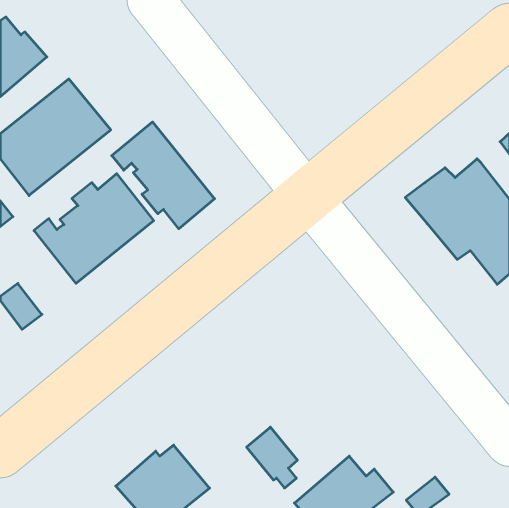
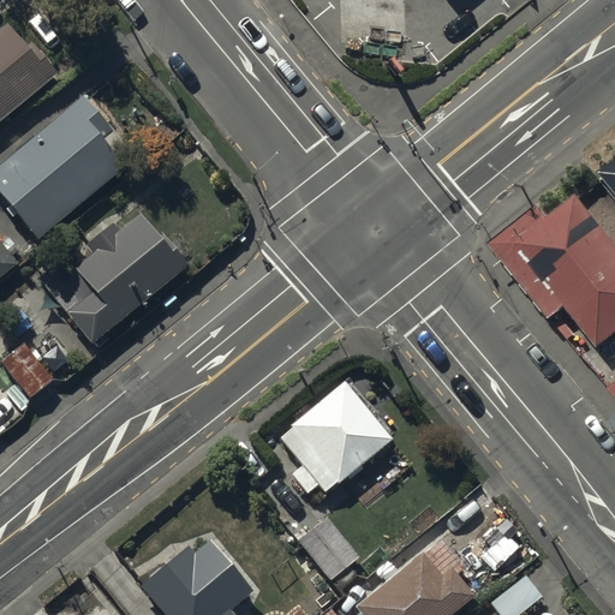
building: [112,122,215,229] -> none
building: none -> [280,381,392,495]

